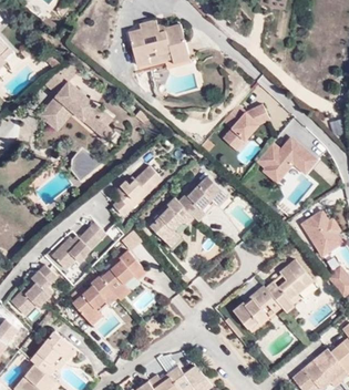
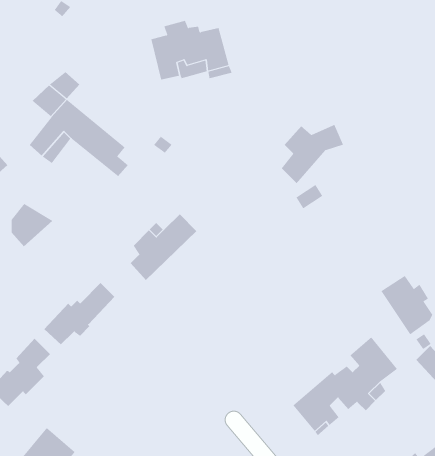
building: [257,142,317,185] -> none
building: [69,147,101,181] -> [11,203,53,247]
building: [146,170,223,244] -> none
building: [75,254,153,329] -> none

